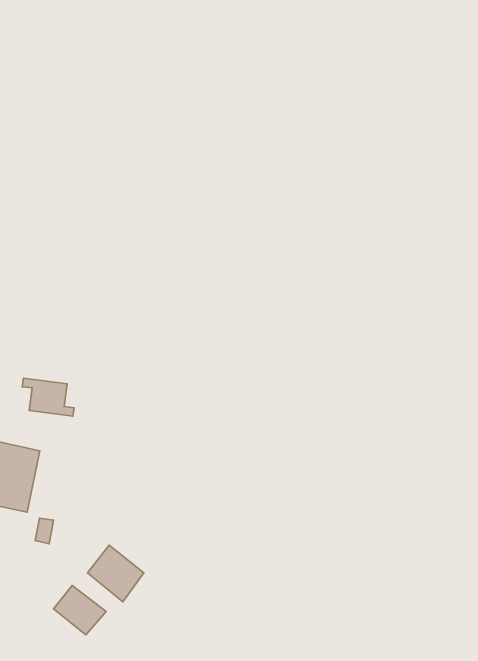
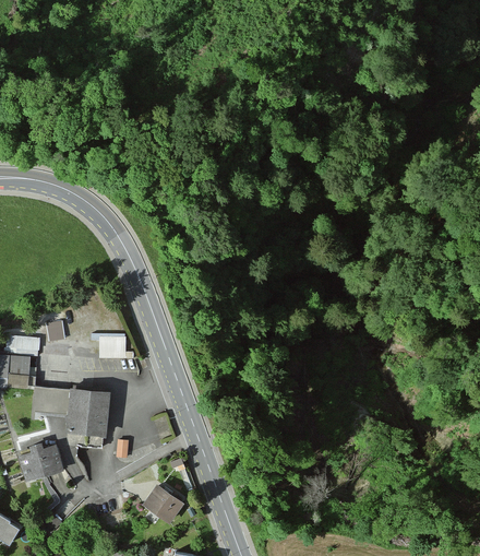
building: [88,545,144,602] -> none

